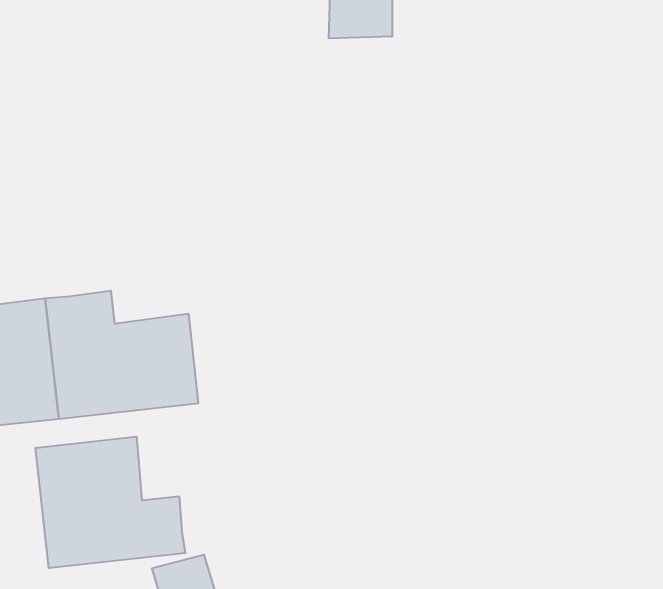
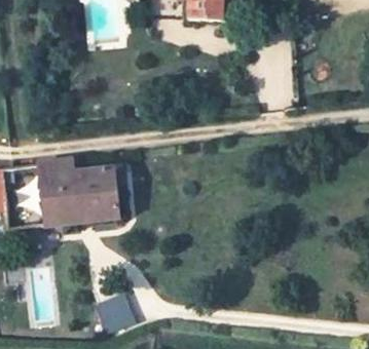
building: [36,436,185,568] -> none

